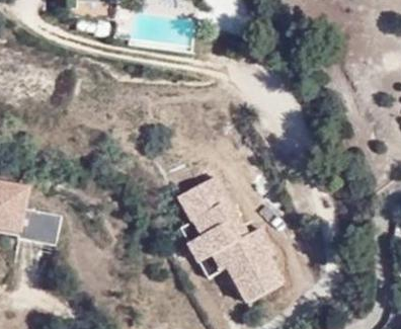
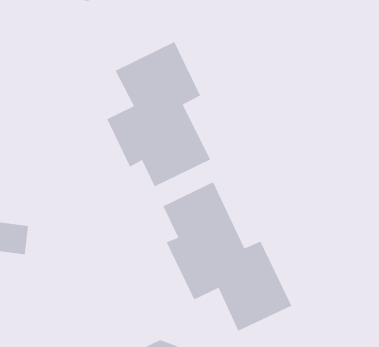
building: none -> [106,41,211,187]

